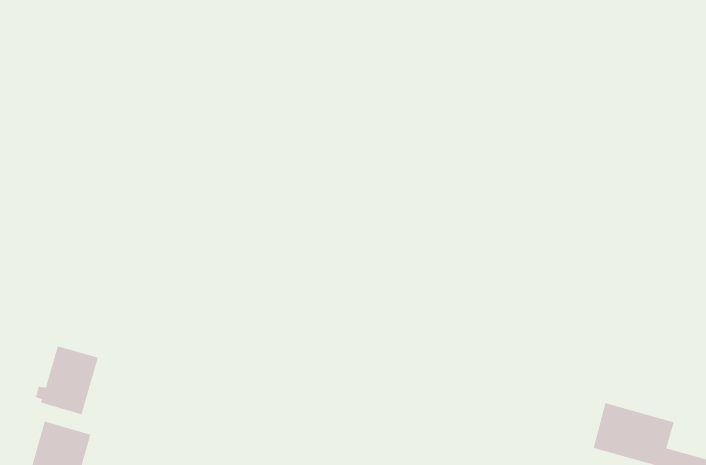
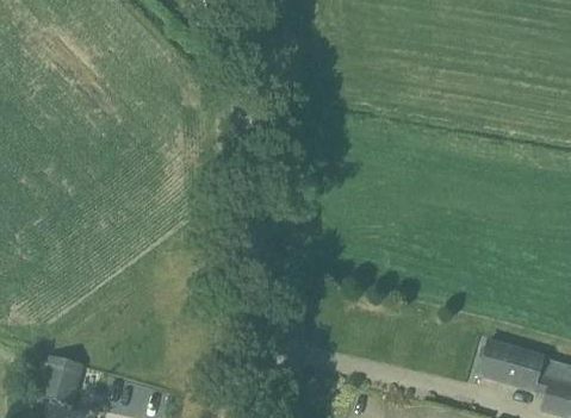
building: [35,346,98,415] -> none

